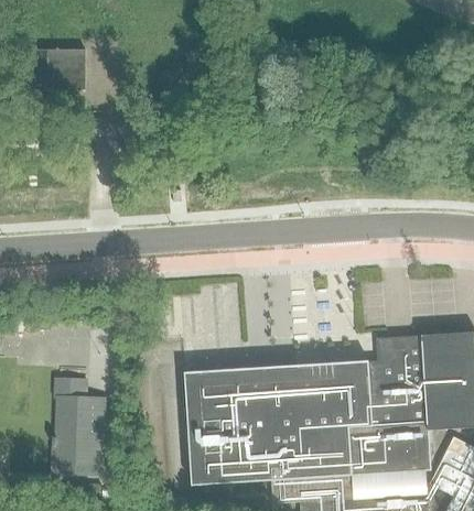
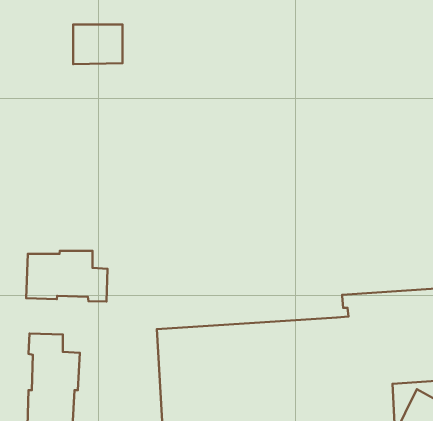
building: [35,48,86,89] -> [73,25,123,64]
building: none -> [26,251,107,301]

